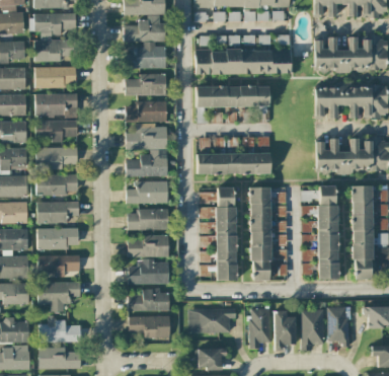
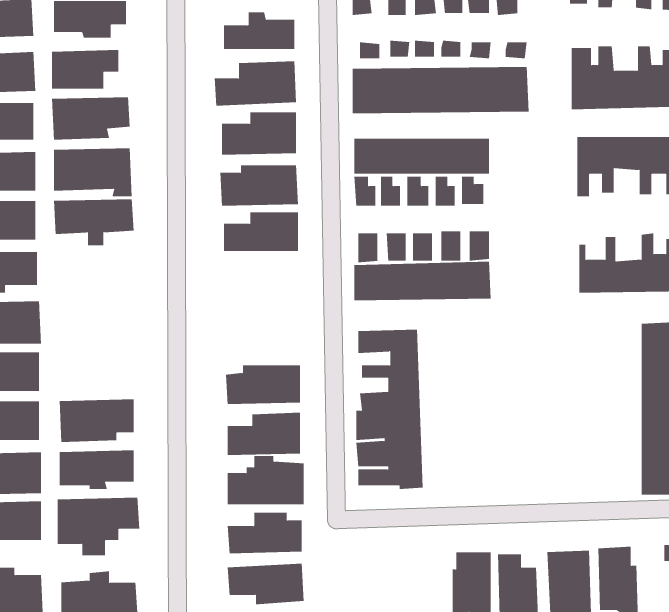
building: [38,148,77,169] -> none
building: [128,150,168,175] -> none
building: [36,173,77,197] -> none
building: [127,180,168,204] -> none
building: [300,183,338,279] -> none
building: [248,187,288,283] -> none
building: [38,202,80,224] -> none
building: [188,308,235,332] -> none

